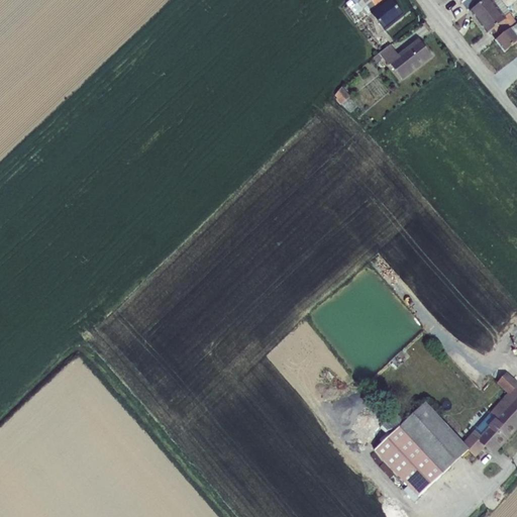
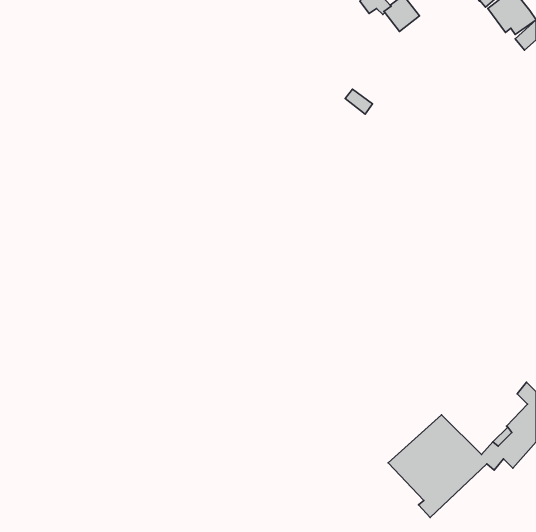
building: [373,36,432,79] -> none

